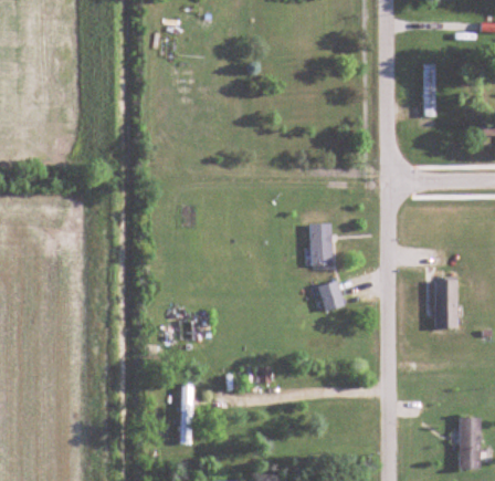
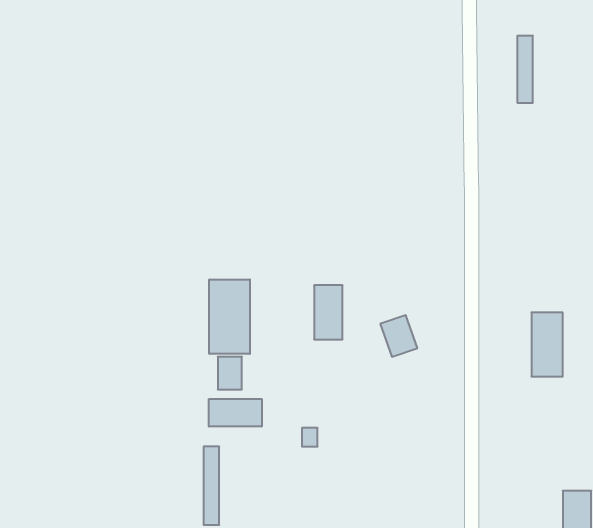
building: [309,224,331,266] -> [314,285,343,339]
building: none -> [209,279,250,354]
building: none -> [209,399,262,427]

